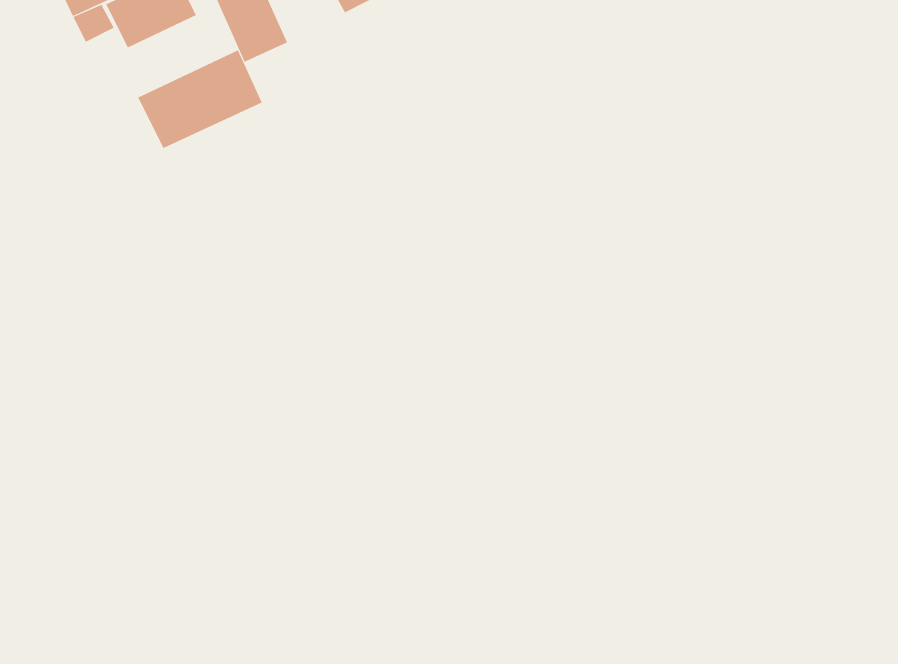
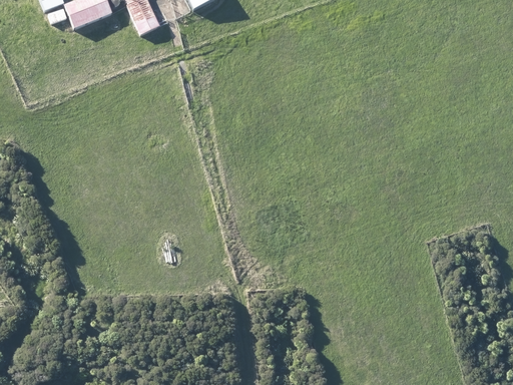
building: [138,49,263,149] -> none

